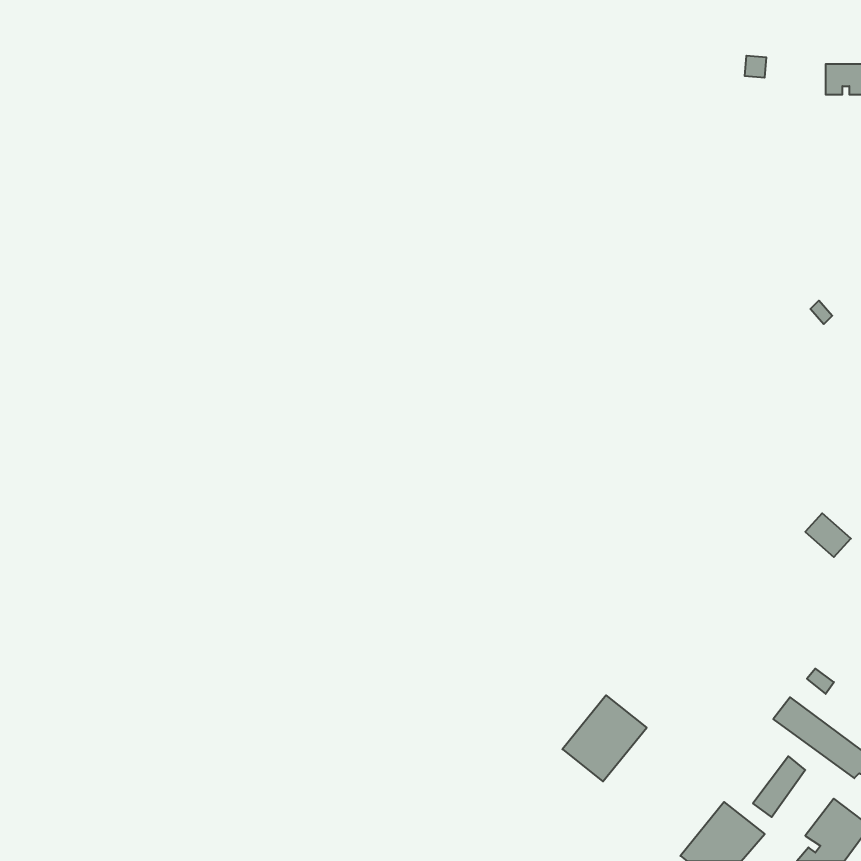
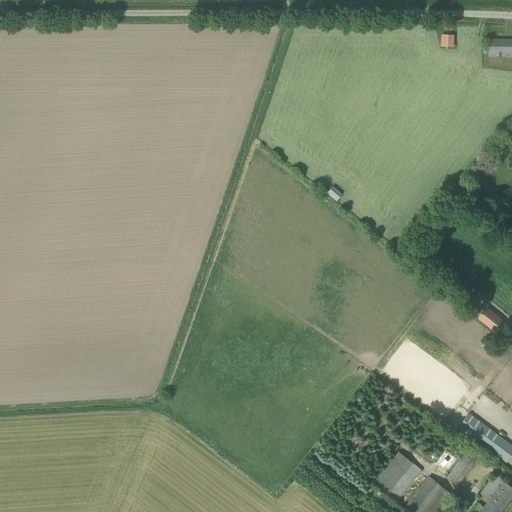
building: [562,695,647,781] -> [373,450,423,501]

